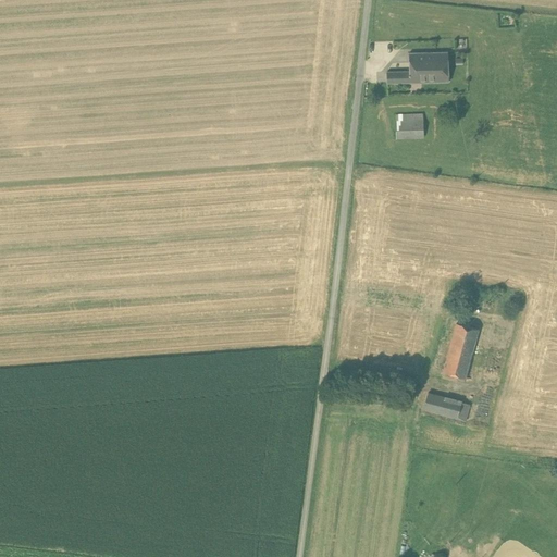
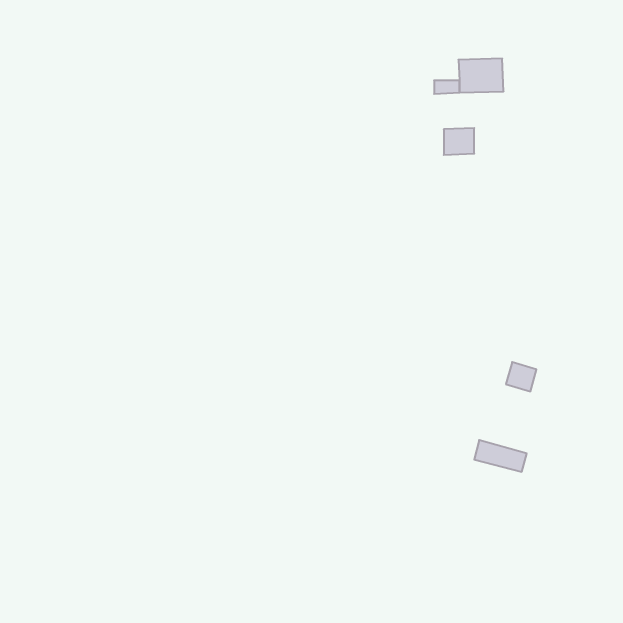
building: [443,343,473,377] -> none

